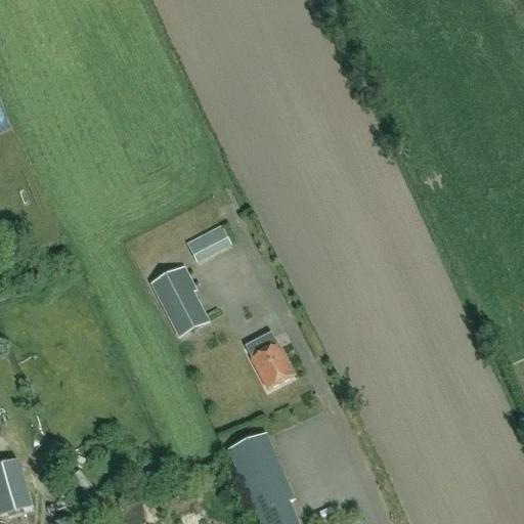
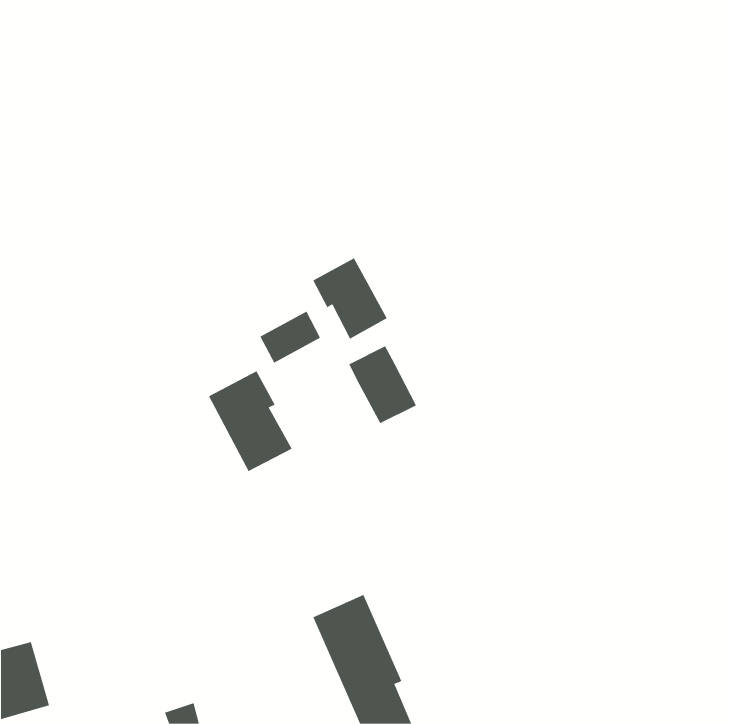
building: none -> [312,257,387,339]
building: [245,333,294,389] -> [348,346,417,424]

